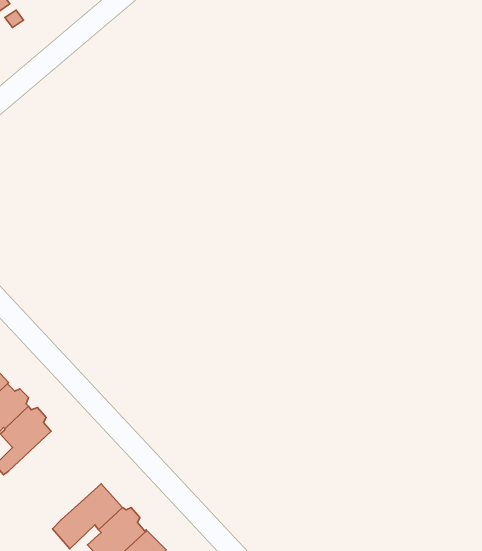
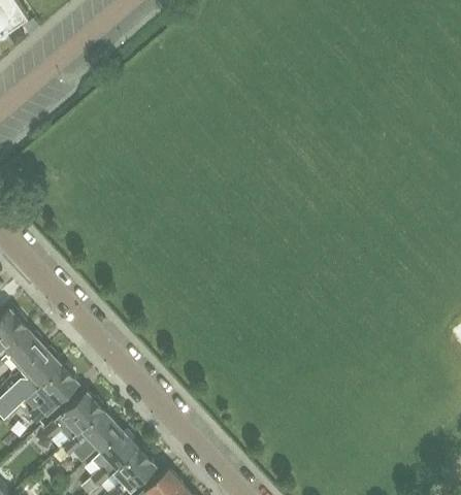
building: none -> [26,365,78,423]
building: none -> [44,392,103,440]

